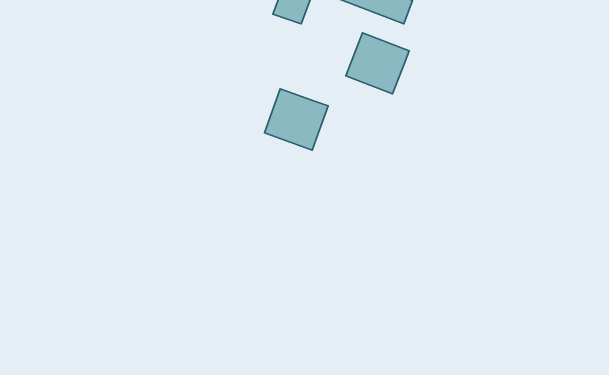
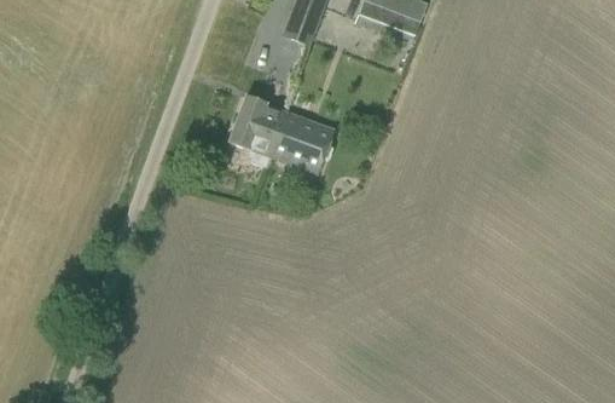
building: [346,33,409,94] -> none
building: none -> [232,93,289,167]

